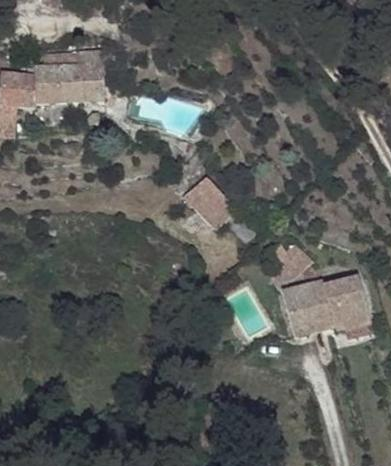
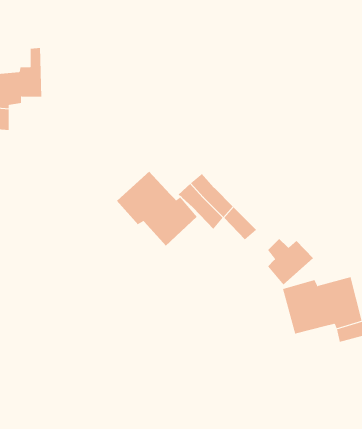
building: [46,51,96,101] -> none
building: none -> [116,171,197,247]

